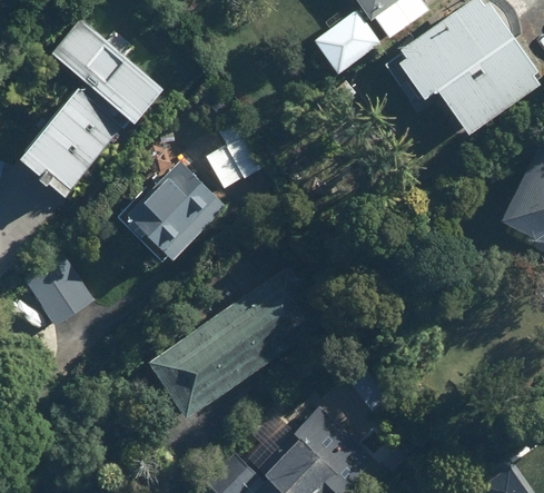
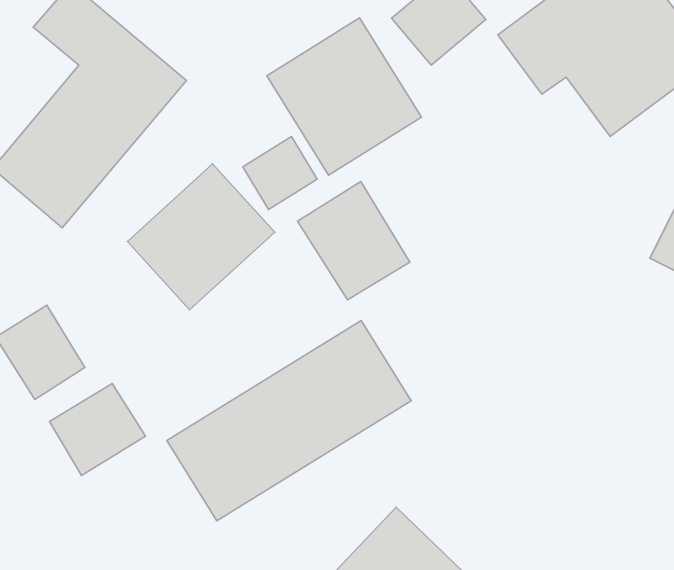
building: none -> [267,18,421,175]
building: none -> [298,182,410,300]
building: none -> [50,384,145,476]

